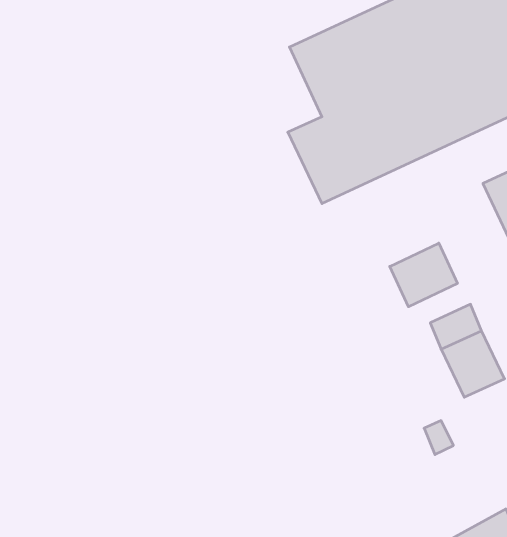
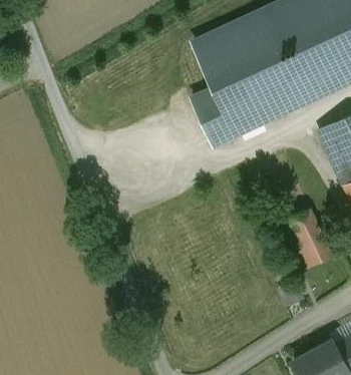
building: [390,243,457,307] -> none

